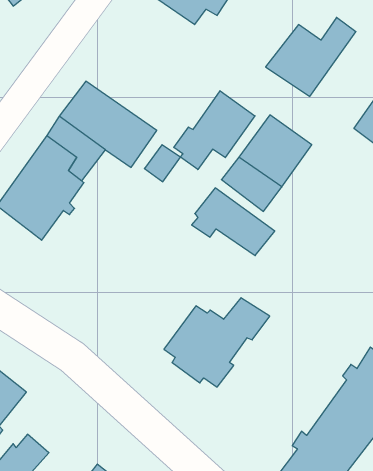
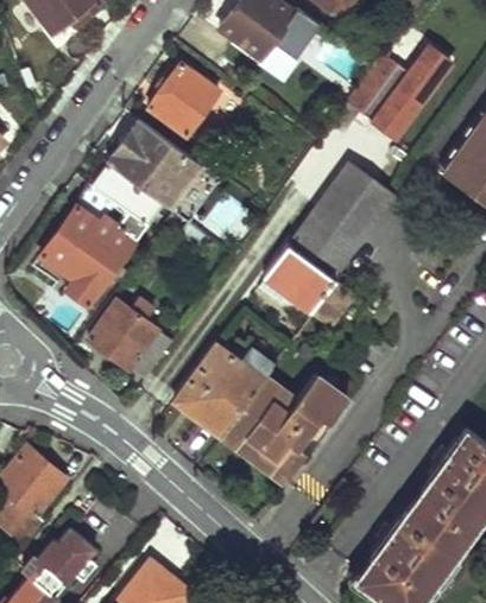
building: none -> [146,63,217,138]
building: [174,91,255,170] -> none
building: none -> [89,302,171,381]
building: none -> [175,347,274,438]

